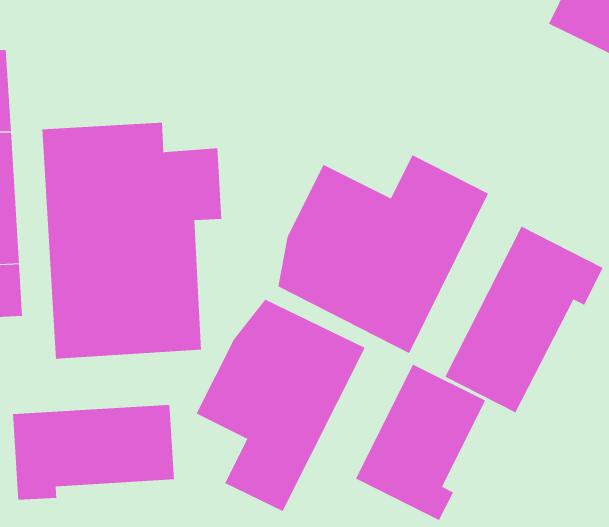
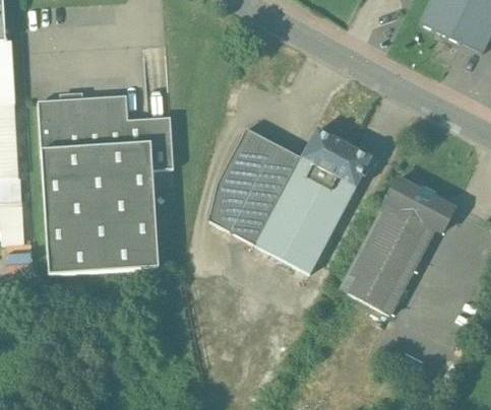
building: [196,299,365,512] -> none
building: [355,364,486,521] -> none
building: [13,404,174,501] -> none

